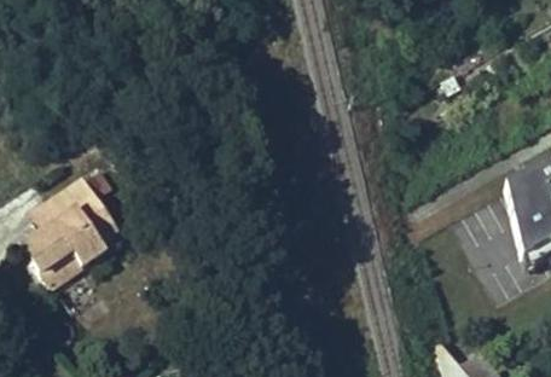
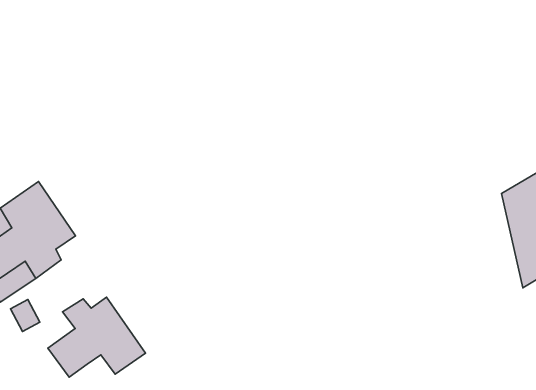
building: none -> [48,297,145,377]

